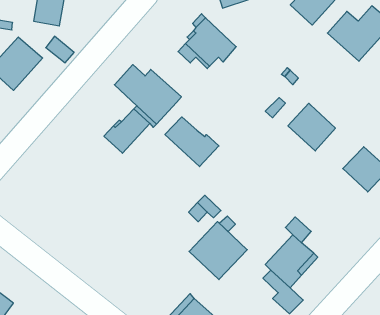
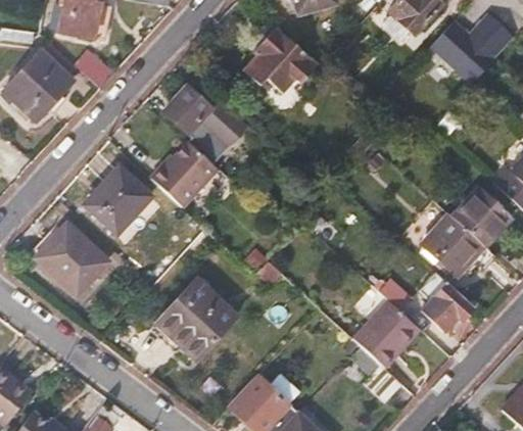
building: [288,103,335,151] -> [423,216,483,276]
building: [165,117,219,167] -> none
building: none -> [85,167,149,233]
building: none -> [37,224,107,294]
building: none -> [423,284,472,330]
building: [189,222,247,280] -> [158,283,232,356]

